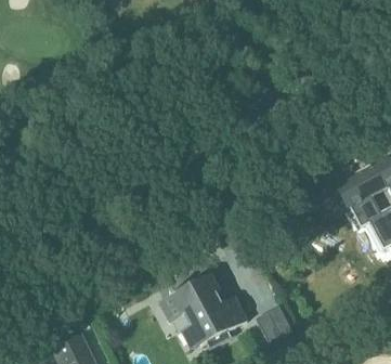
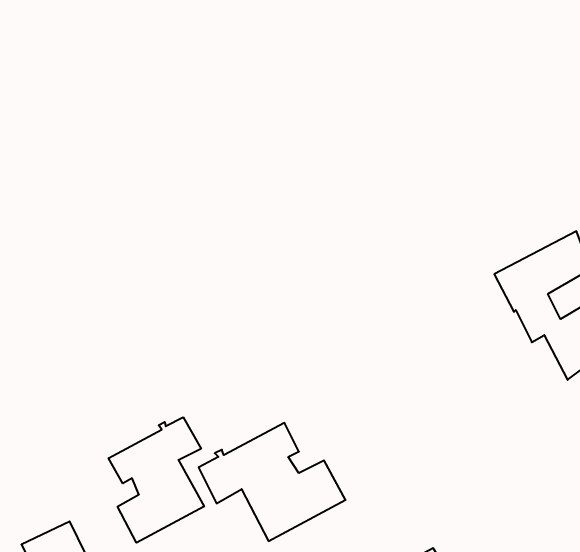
building: none -> [109,417,204,543]
building: [256,306,292,343] -> none

